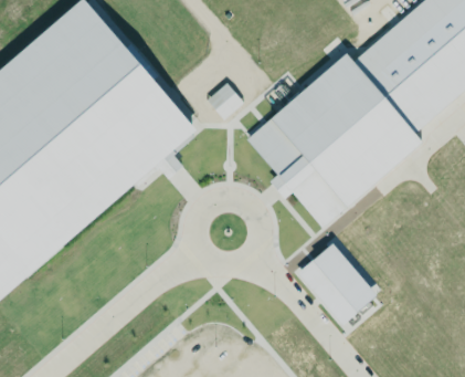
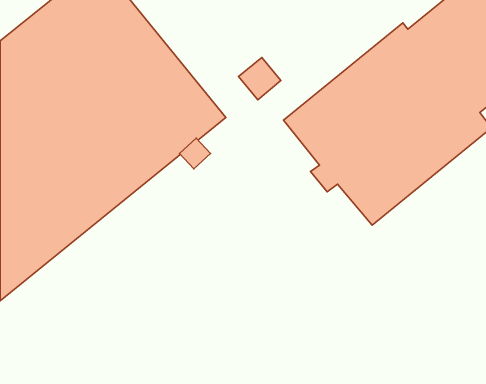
building: [295,242,377,326] -> none

